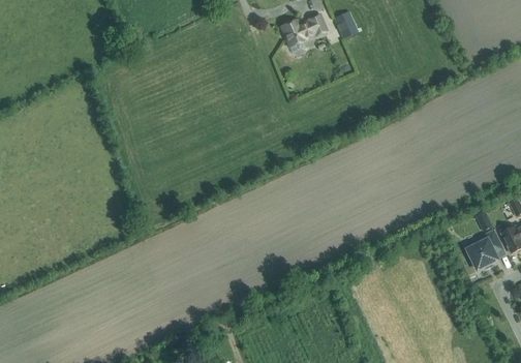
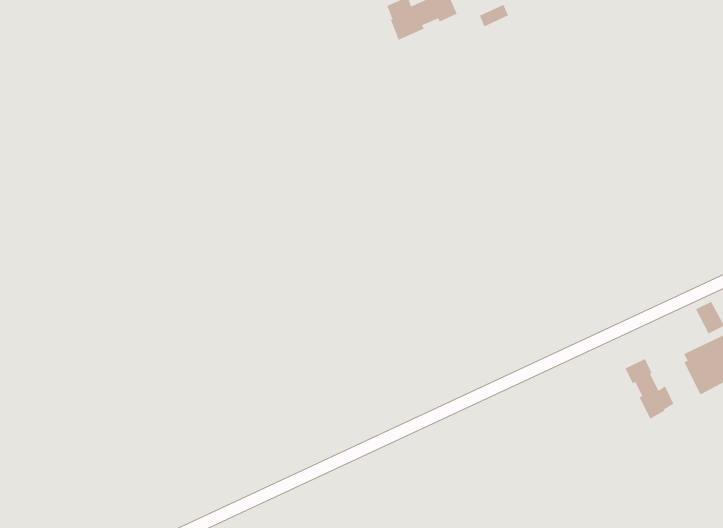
building: none -> [625,358,674,419]

